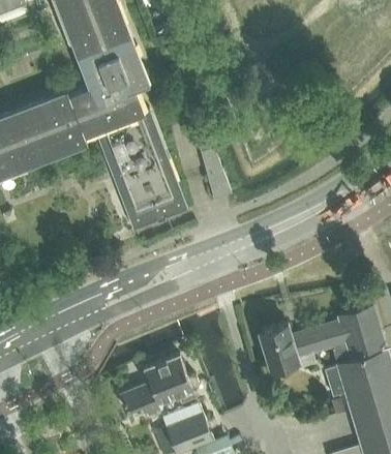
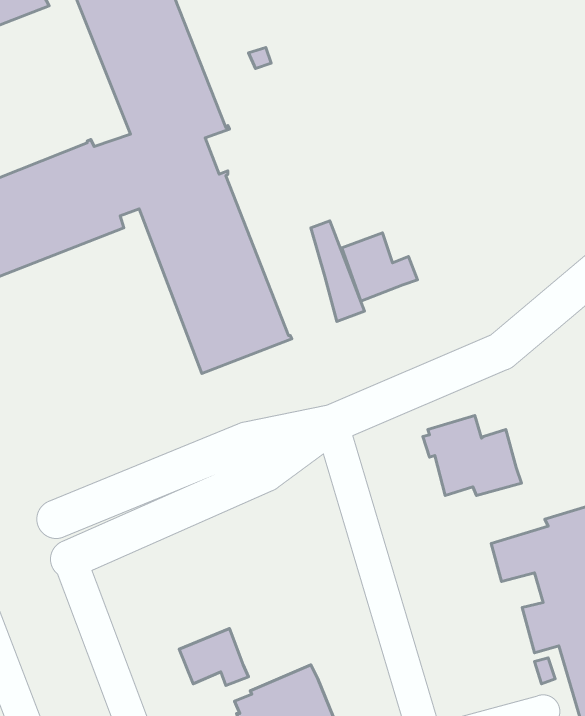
building: none -> [342,233,417,301]
building: [257,324,315,371] -> [423,416,521,495]
building: [145,356,199,404] -> none

